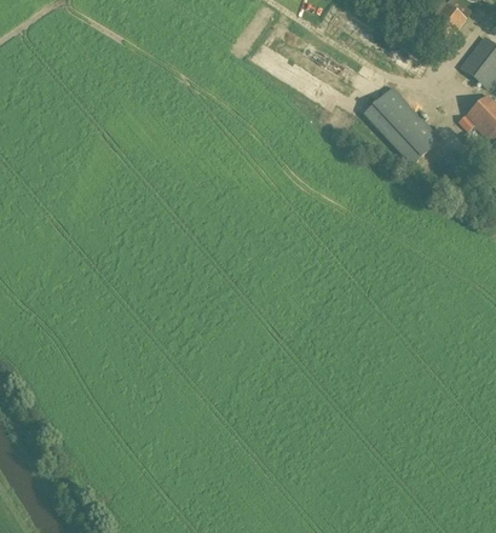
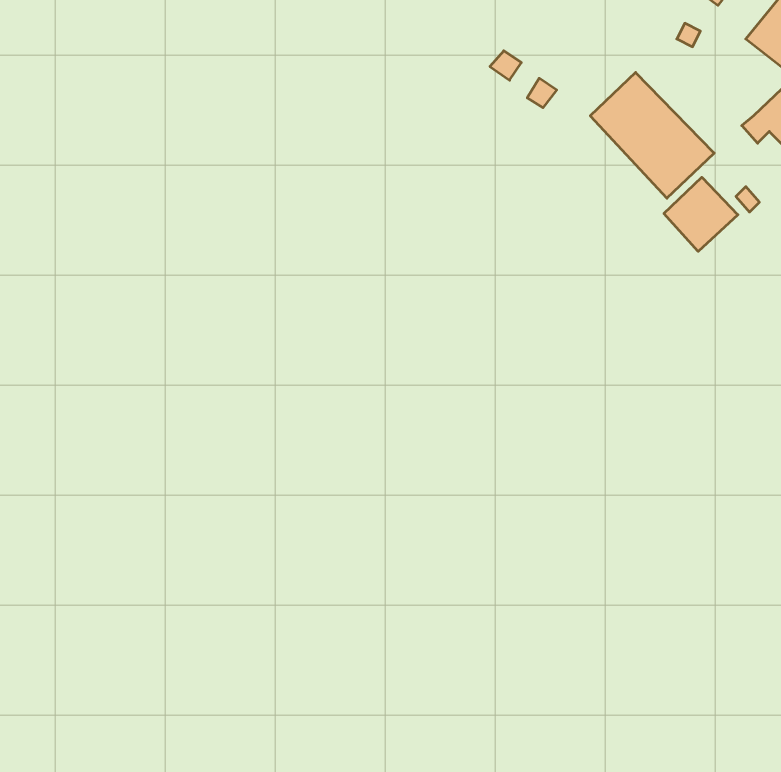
building: none -> [664,177,738,251]

